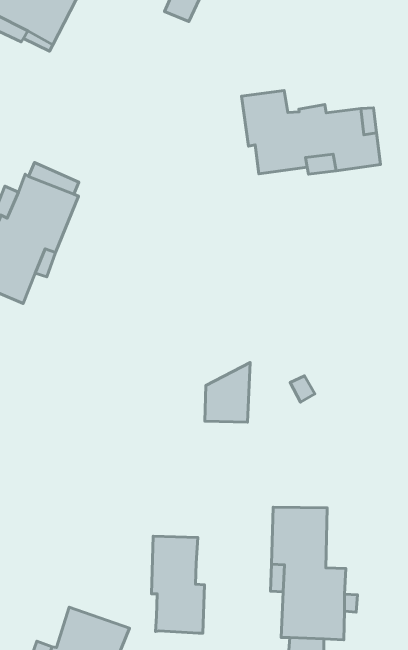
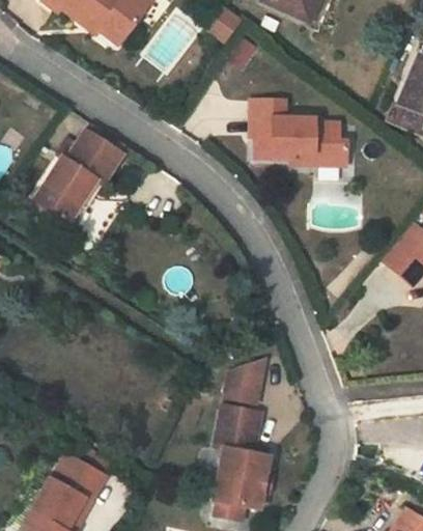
building: [205,362,250,422] -> [227,360,267,403]
building: [151,536,205,633] -> none

